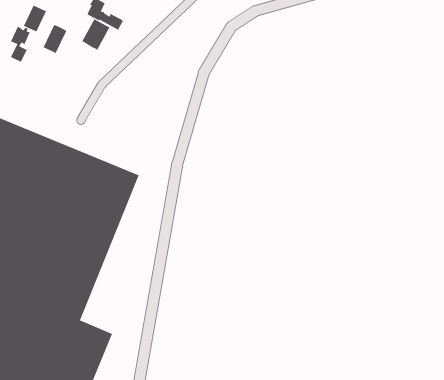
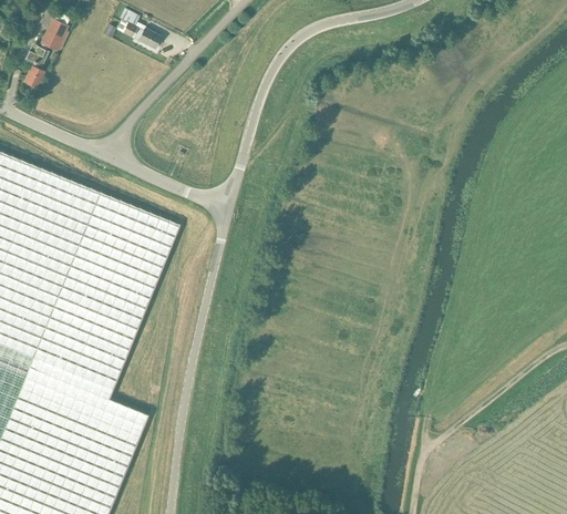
building: [82,18,110,50] -> none
building: [43,24,67,54] -> none

